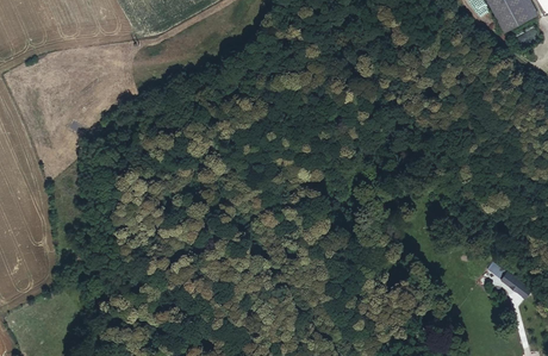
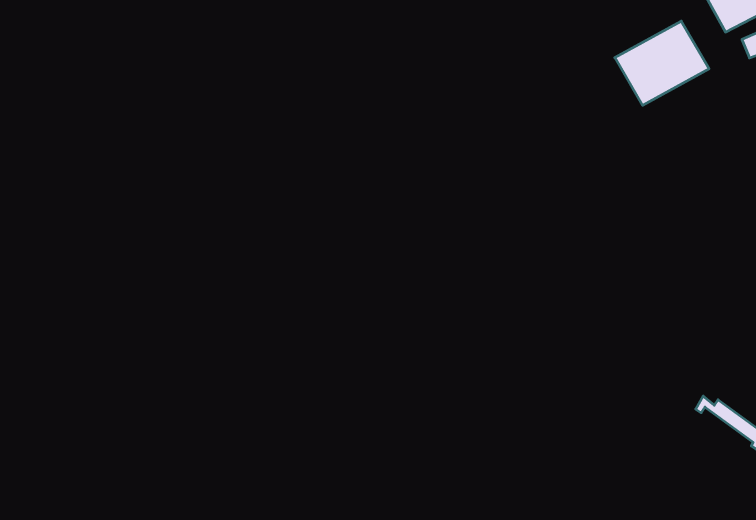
building: none -> [615,21,709,105]

